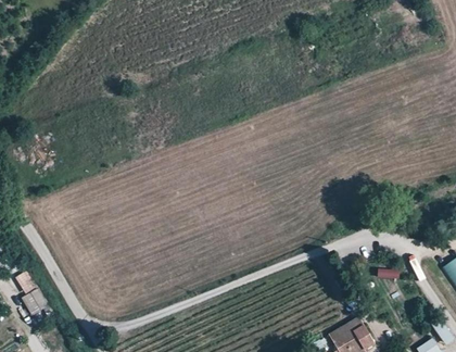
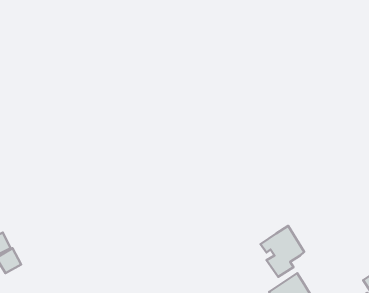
building: none -> [261,226,304,277]

